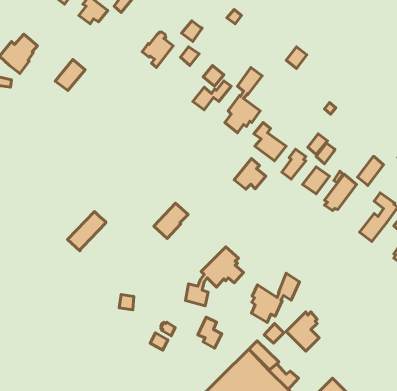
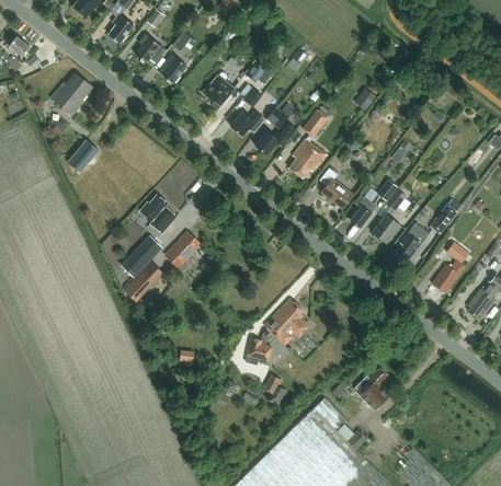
building: none -> [159,54,187,83]
building: [55,59,85,90] -> [66,139,98,172]
building: none -> [230,112,264,136]
building: none -> [140,195,177,233]
building: [234,159,266,189] -> none
building: none -> [119,235,162,279]
building: [154,203,188,238] -> [164,231,201,268]
building: [252,273,300,322] -> none

